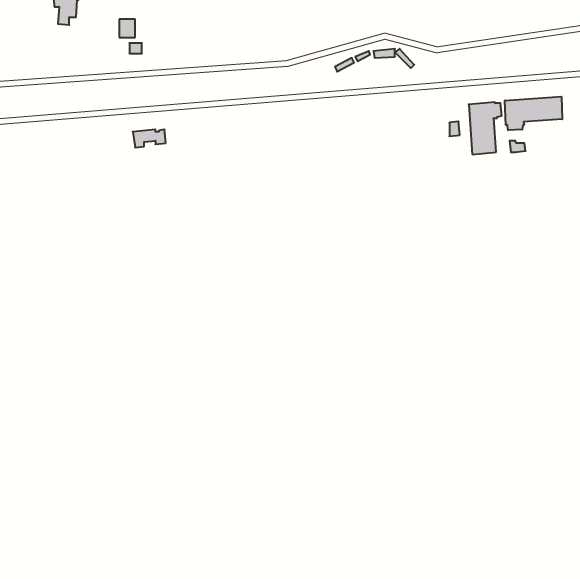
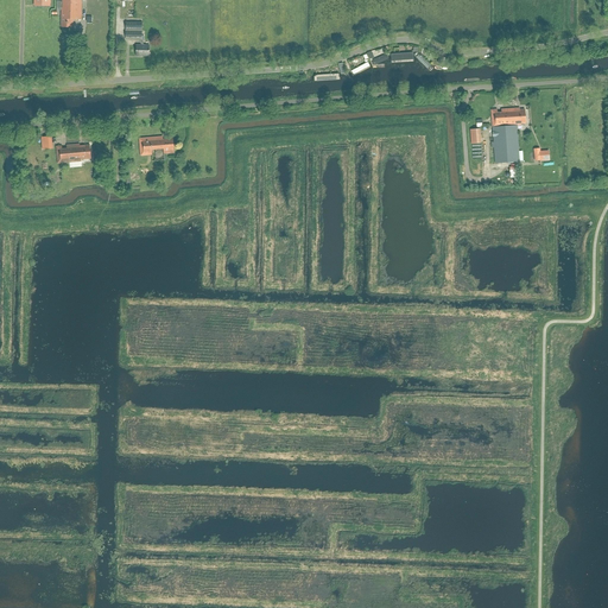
building: [505,97,562,130] -> none
building: none -> [56,142,90,162]

